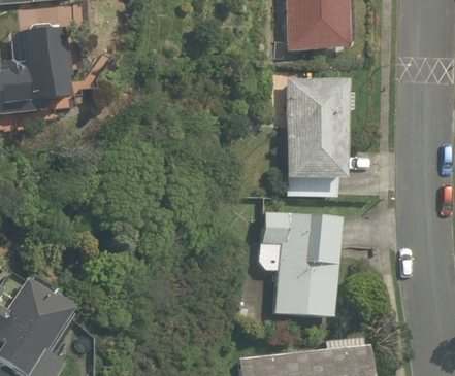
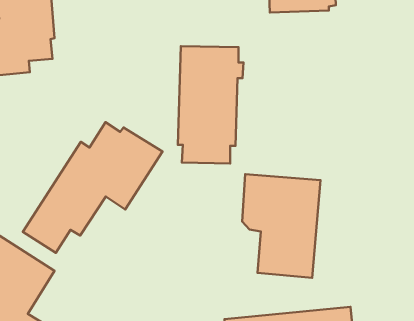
building: [285,78,351,196] -> [178,46,244,163]
building: none -> [23,122,162,253]

